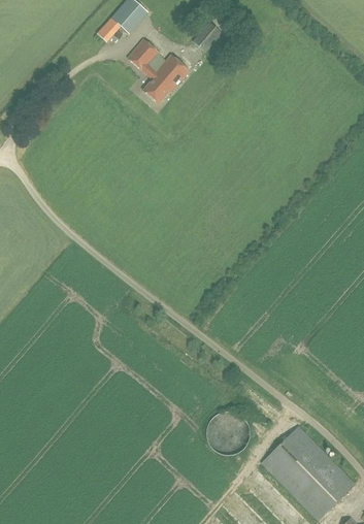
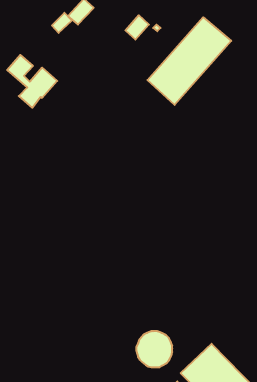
building: none -> [147,17,231,105]
building: [127,38,189,103] -> [7,55,57,108]

